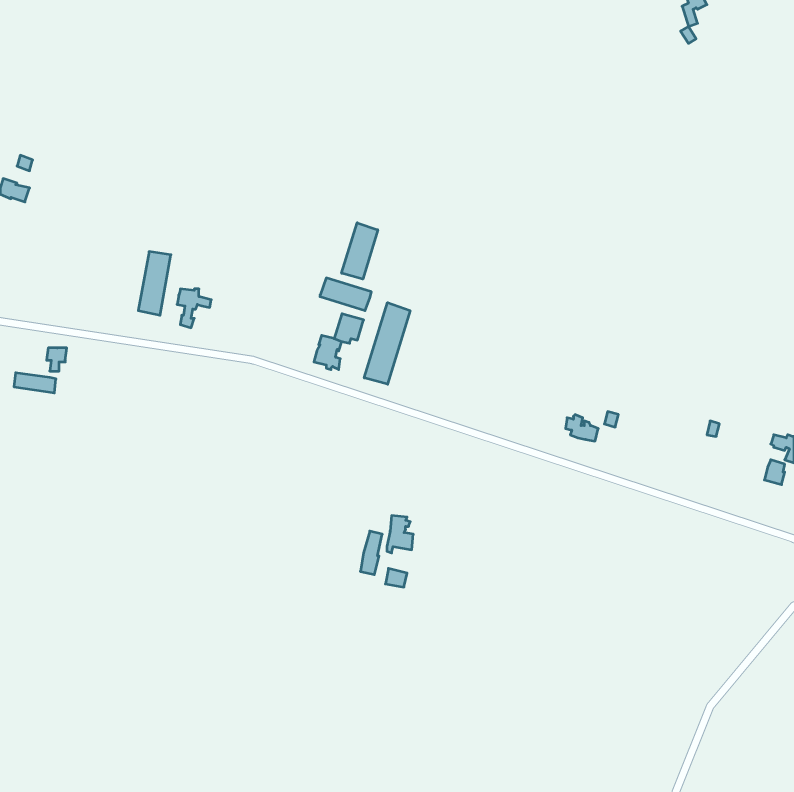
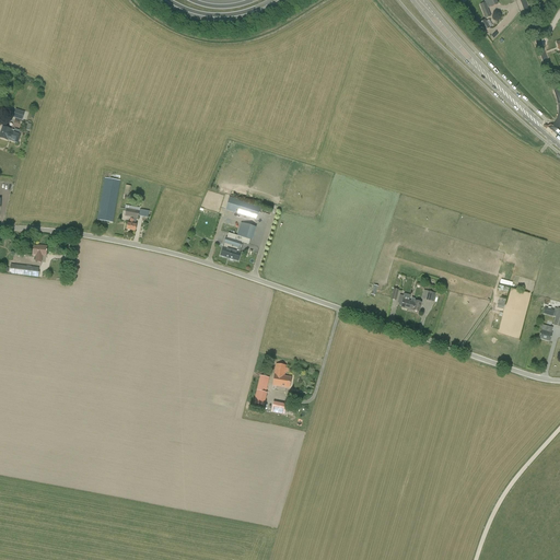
building: [342,223,378,279] -> none
building: [364,303,410,384] -> none

